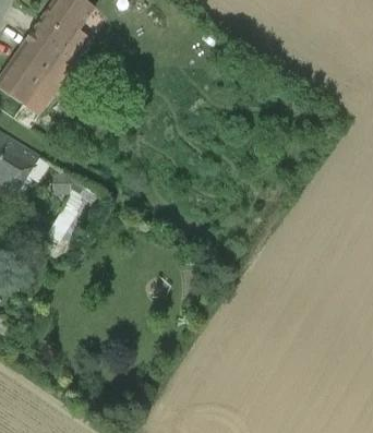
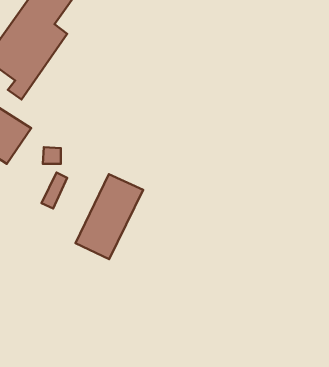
building: none -> [76,174,143,259]

